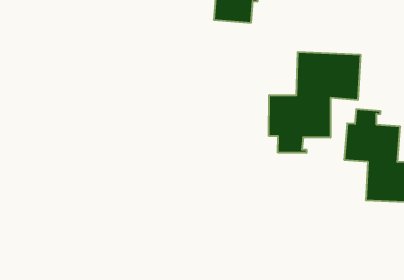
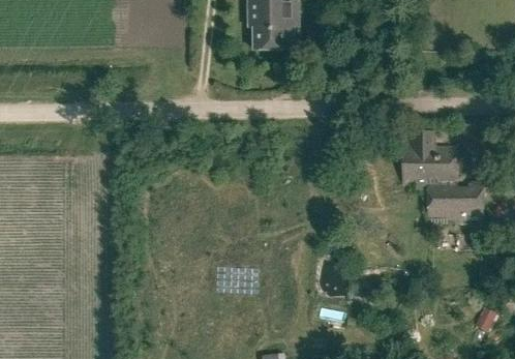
building: [269,52,360,153] -> none

